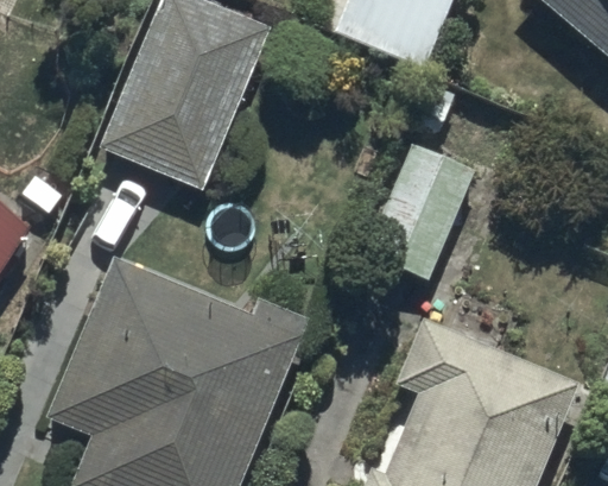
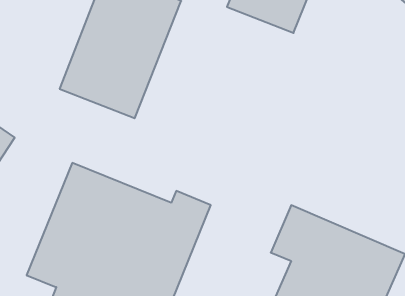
building: [359,138,474,278] -> none

